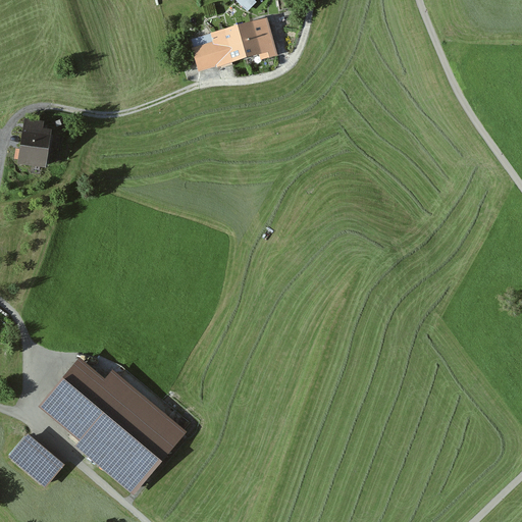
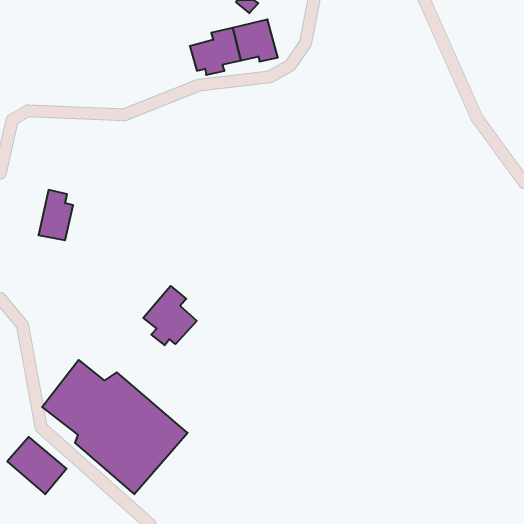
building: [16,116,51,166] -> [38,190,73,240]
building: none -> [143,286,197,345]

